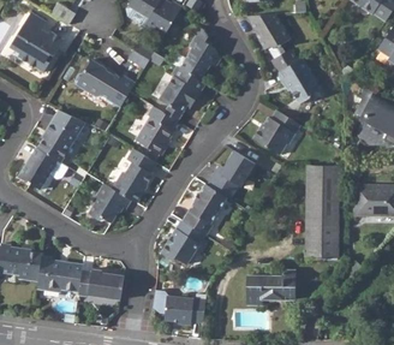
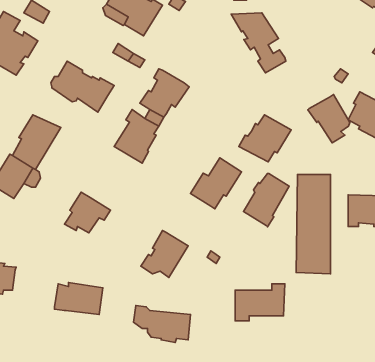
building: [180,28,221,79] -> none
building: [276,56,316,102] -> [308,94,350,143]
building: [112,148,156,202] -> none
building: [183,184,226,234] -> [243,173,289,227]
building: [36,256,83,291] -> none

